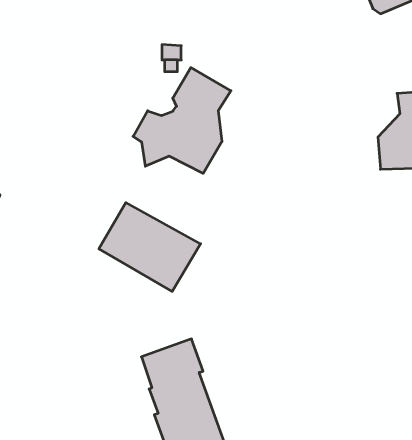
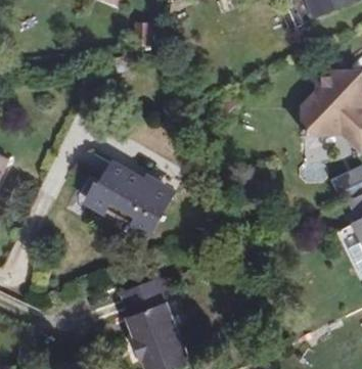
building: [133,68,231,173] -> none

